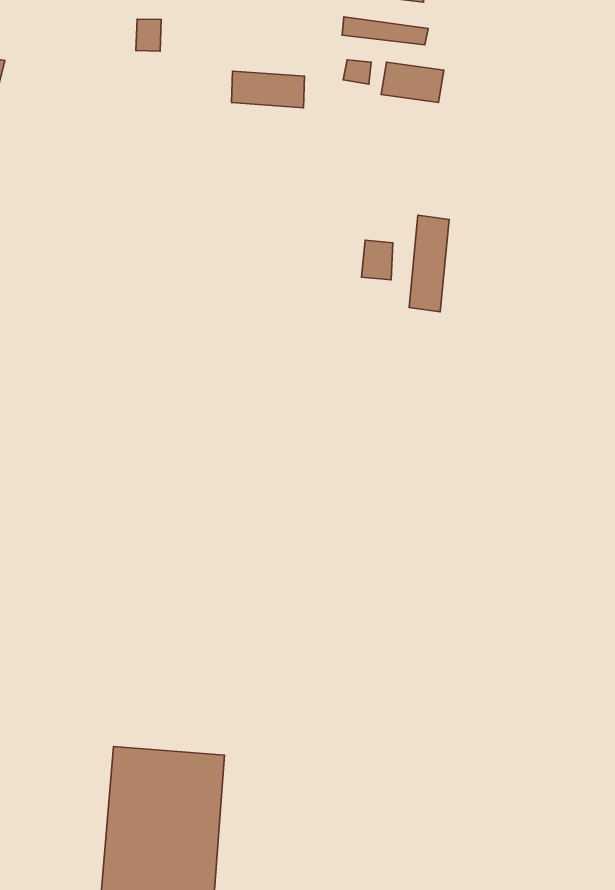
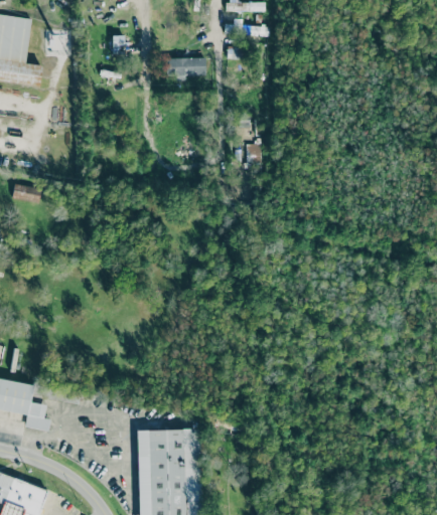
building: [381,62,444,102] -> none
building: [409,215,449,312] -> none

